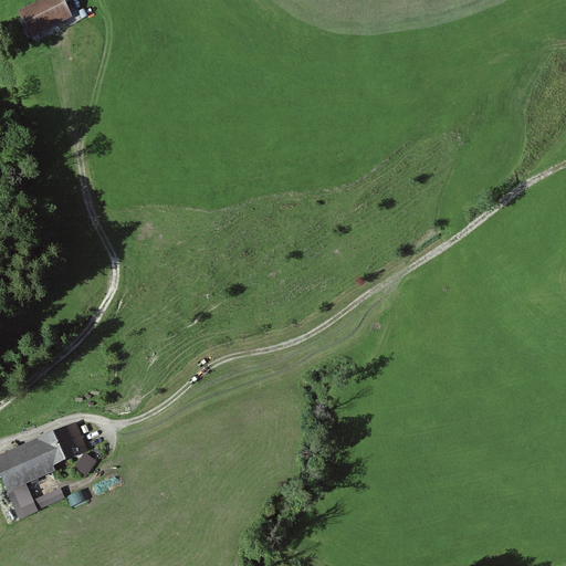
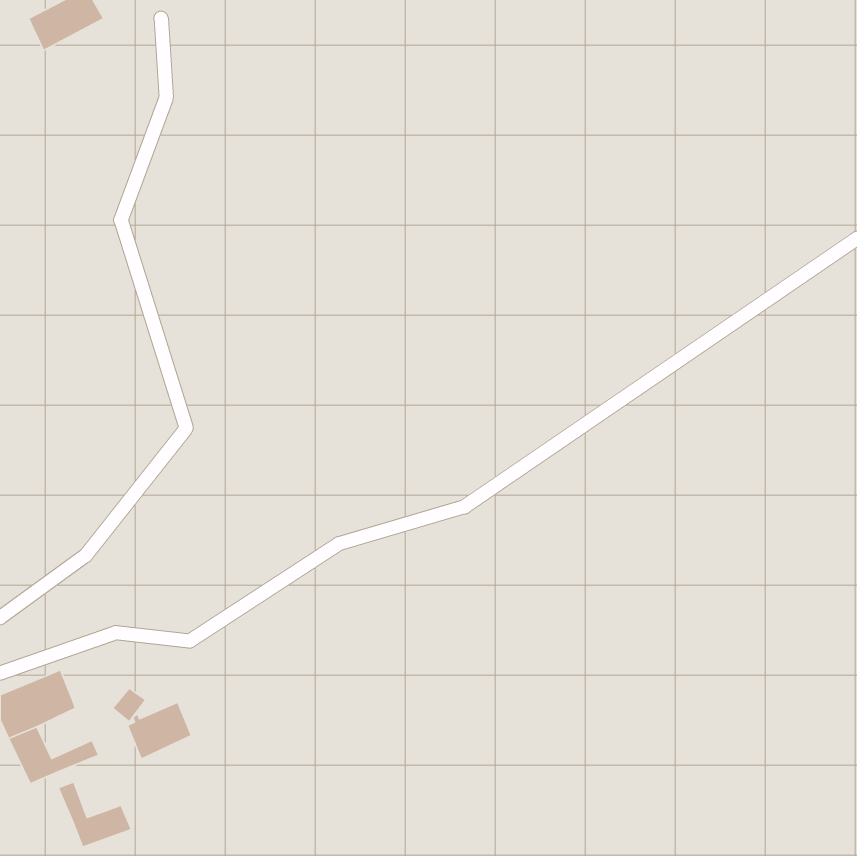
building: [40,426,82,463] -> [128,702,191,759]
building: none -> [58,782,131,847]

